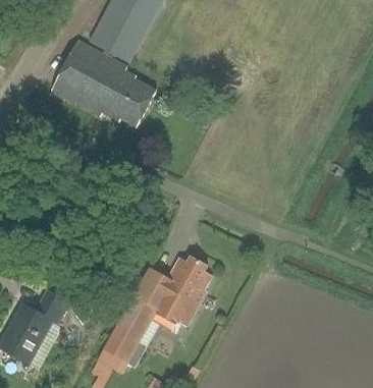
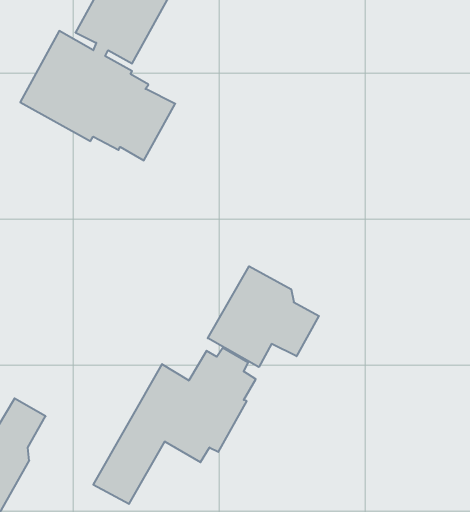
building: none -> [208,266,319,367]

